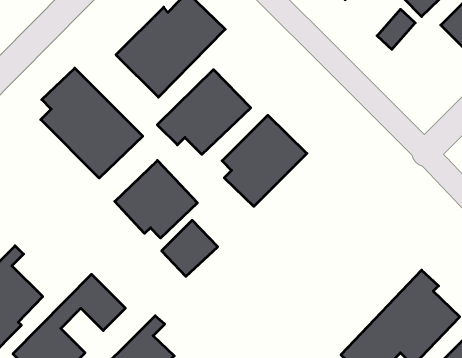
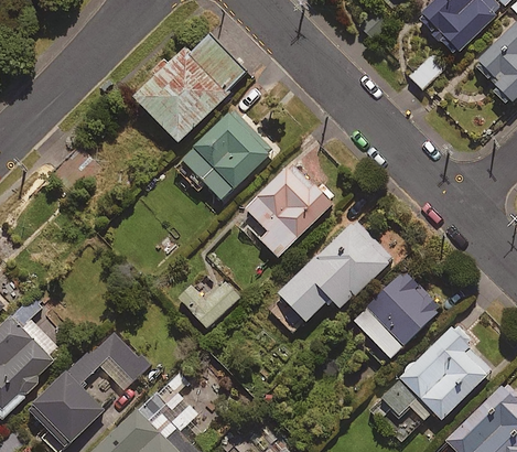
building: [41,68,143,178] -> none
building: [115,160,197,238] -> none
building: none -> [278,220,389,322]
building: none -> [354,270,443,358]

